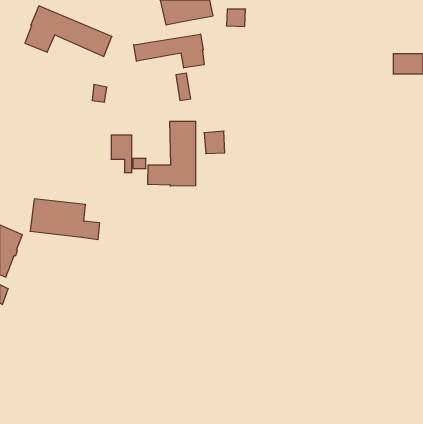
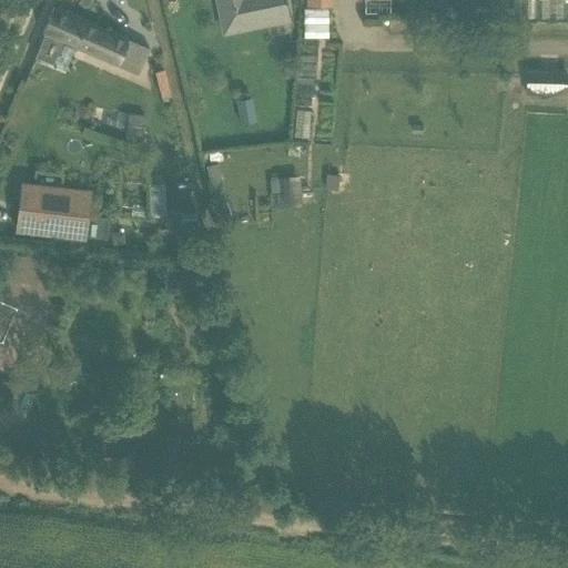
building: [134,34,204,68] -> none
building: [148,121,196,186] -> none
building: [30,199,100,240] -> [14,185,108,240]

